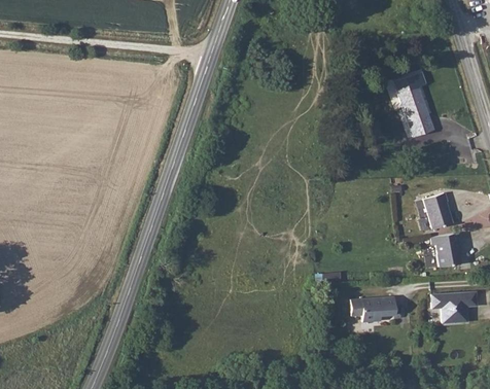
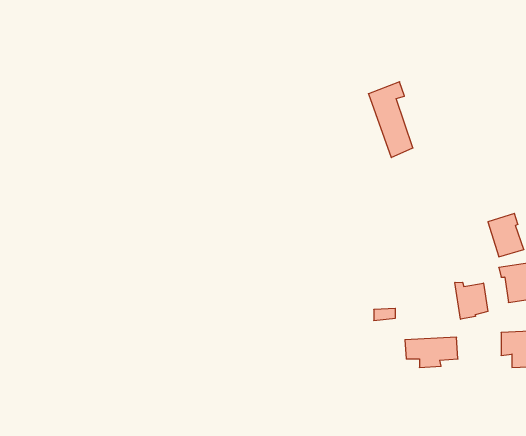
building: [395,71,433,136] -> [368,82,413,158]
building: none -> [455,282,488,319]

